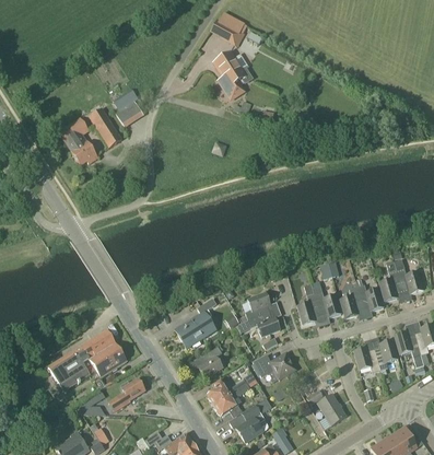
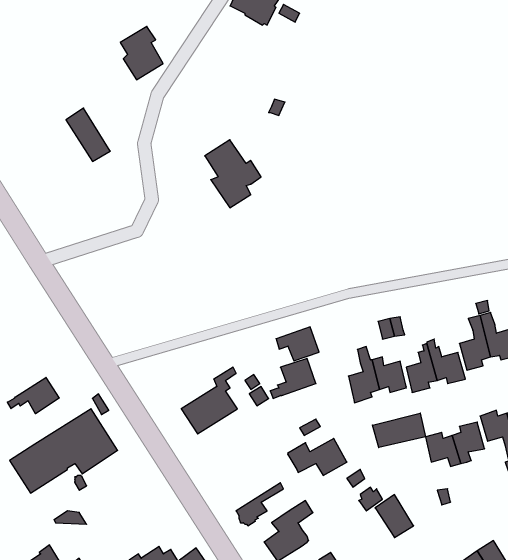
building: [211,50,253,101] -> [205,140,261,208]
building: [112,88,143,127] -> [120,26,163,80]
building: [58,117,97,165] -> none
building: none -> [7,377,59,414]
building: [248,311,280,336] -> [276,327,319,361]
building: none -> [372,413,425,448]
building: [198,346,222,377] -> none
building: [109,377,144,409] -> none
building: [207,377,247,405] -> none

